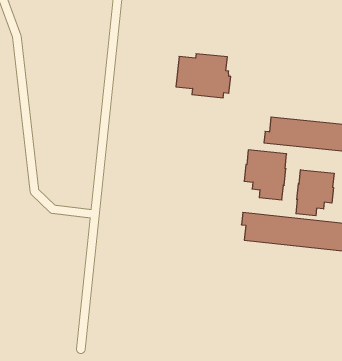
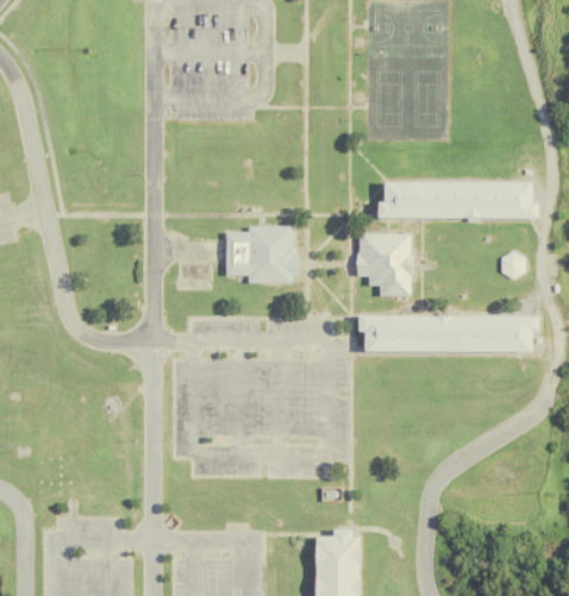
building: [176,54,231,98] -> [225,225,298,281]
building: [296,170,334,216] -> none

